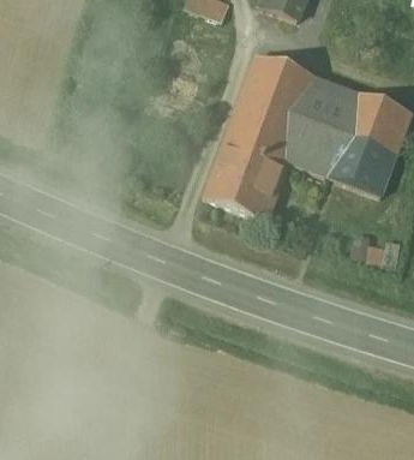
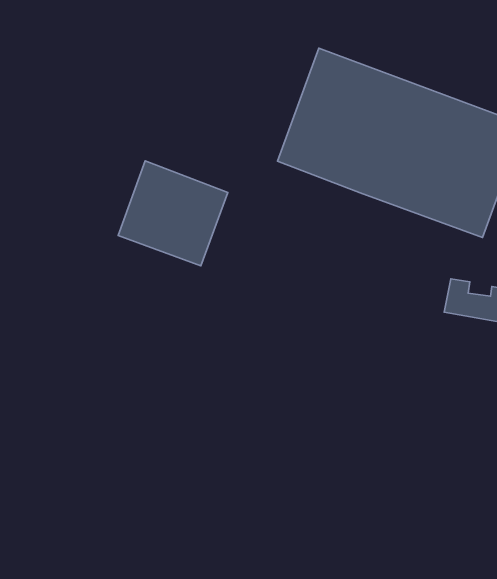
building: [204,138,287,217] -> [118,161,228,266]

